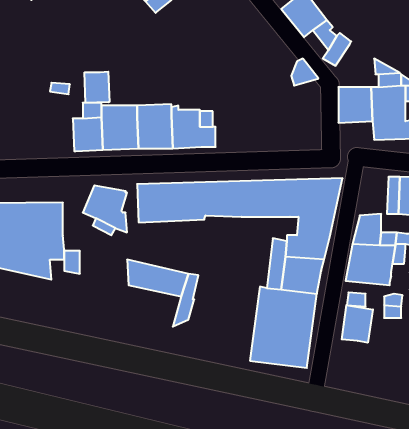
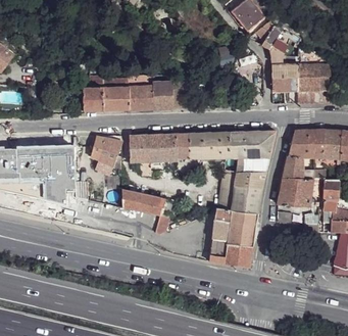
building: none -> [260,35,291,62]
building: [85,72,109,103] -> none
building: none -> [287,130,307,157]
building: [342,305,373,343] -> none

